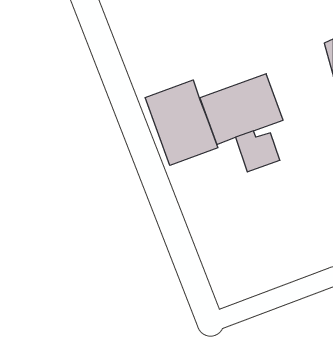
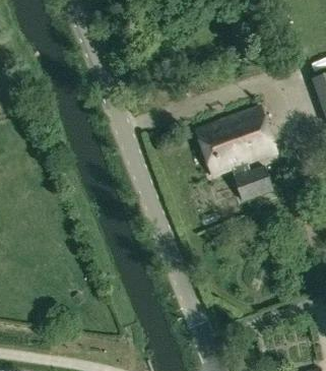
building: [145,80,218,165] -> none

